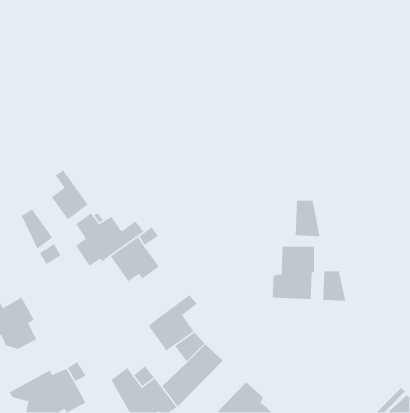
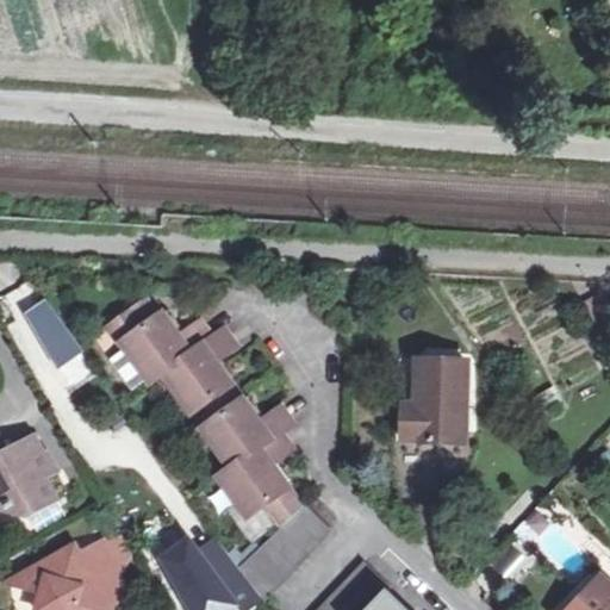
building: [51,169,89,220] -> none
building: [295,200,320,237] -> none
building: none -> [201,393,291,471]
building: [322,270,346,302] -> none

